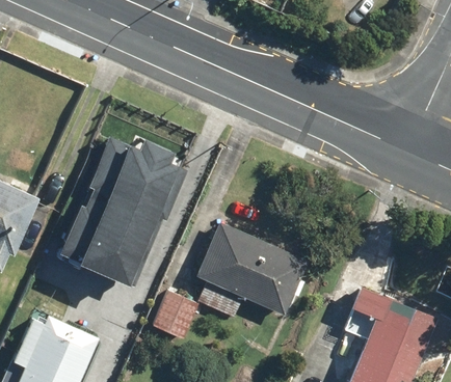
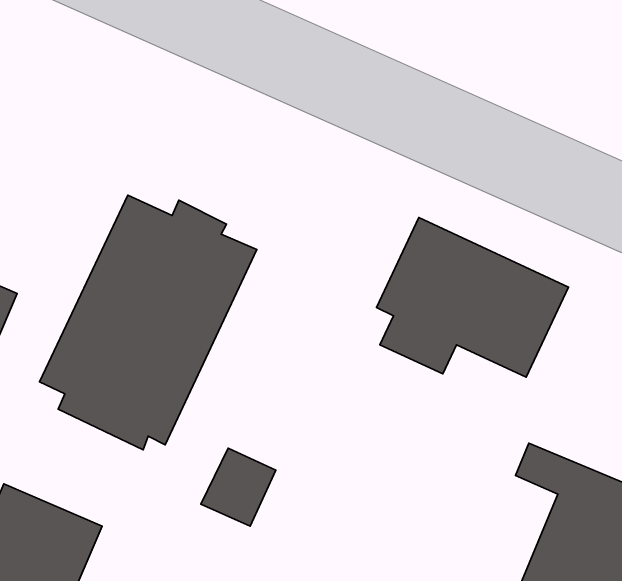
building: [196,220,314,318] -> [376,217,569,377]

